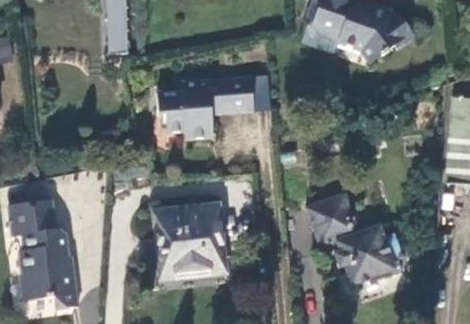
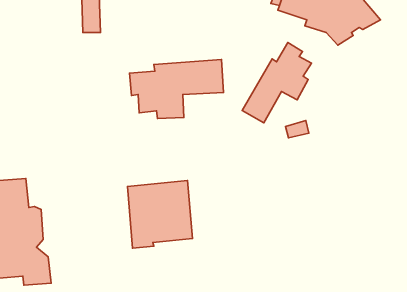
building: none -> [242,43,311,123]
building: [305,198,404,287] -> none

